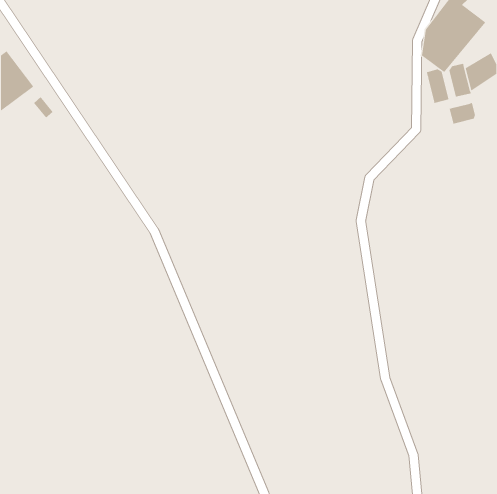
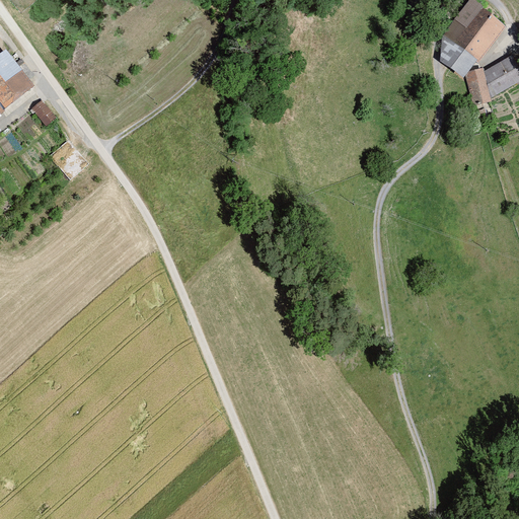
building: [426,69,449,104] -> none
building: [449,102,476,125] -> none

